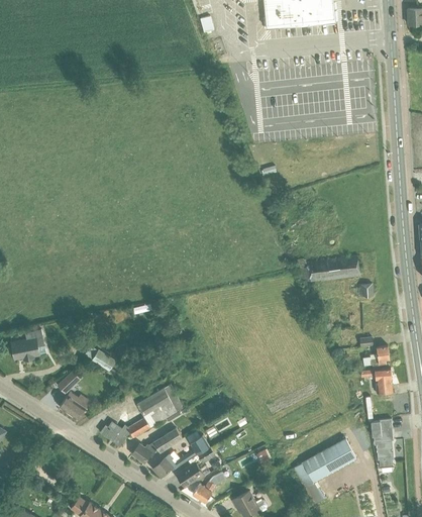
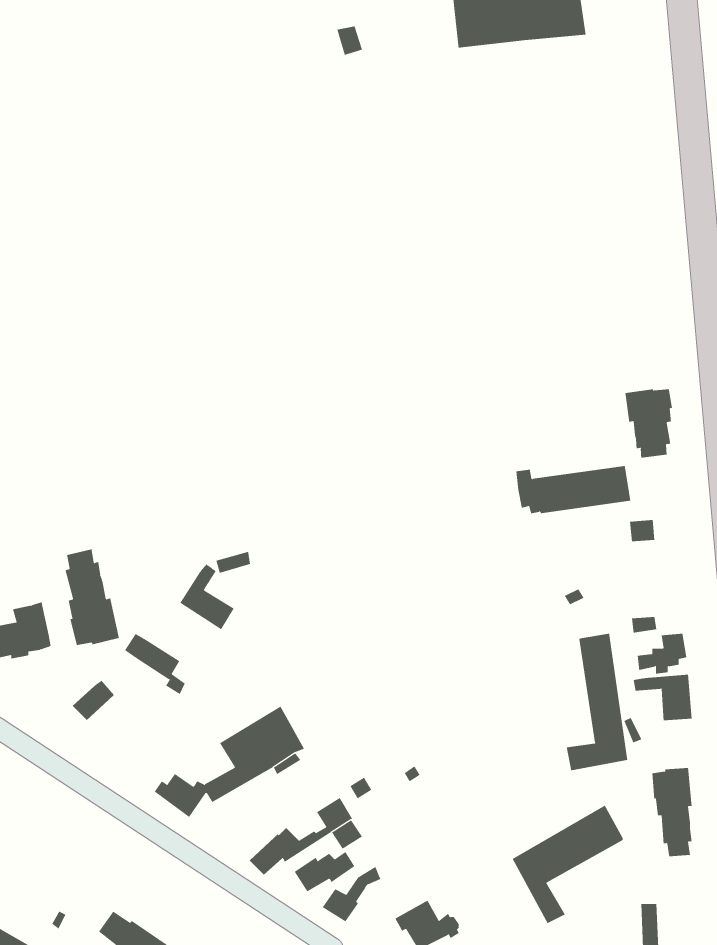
building: none -> [625,388,672,459]
building: none -> [65,549,120,646]
building: none -> [179,563,234,630]
building: none -> [566,633,628,771]
building: [59,391,88,419] -> none
building: [131,428,182,462] -> none

